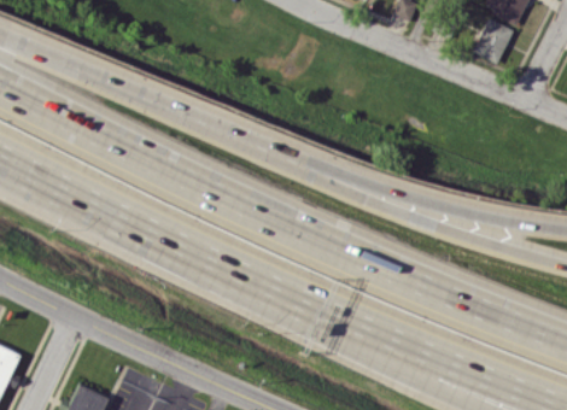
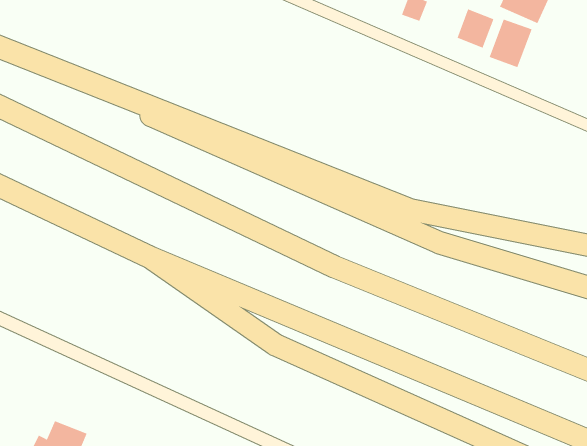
building: none -> [457,9,494,49]

